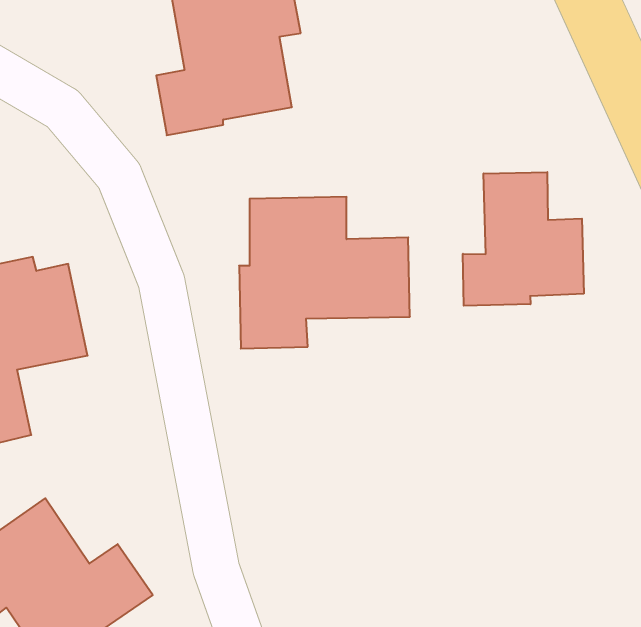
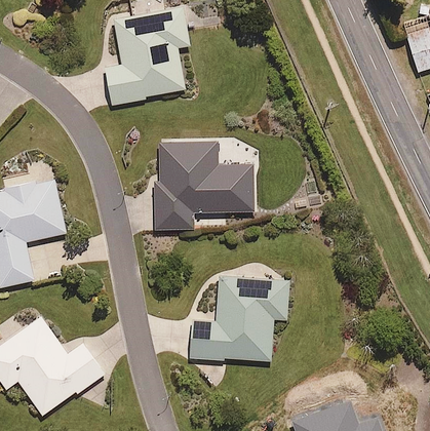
building: [463,172,584,306] -> none
building: none -> [191,279,288,360]

